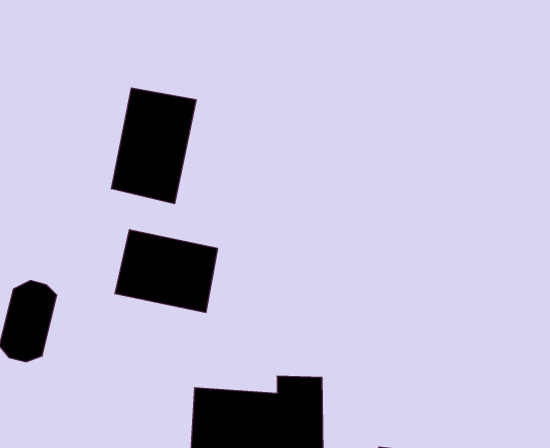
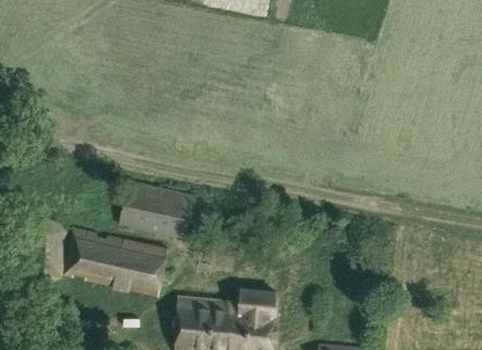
building: [111,88,196,204] -> none
building: none -> [64,227,169,297]

